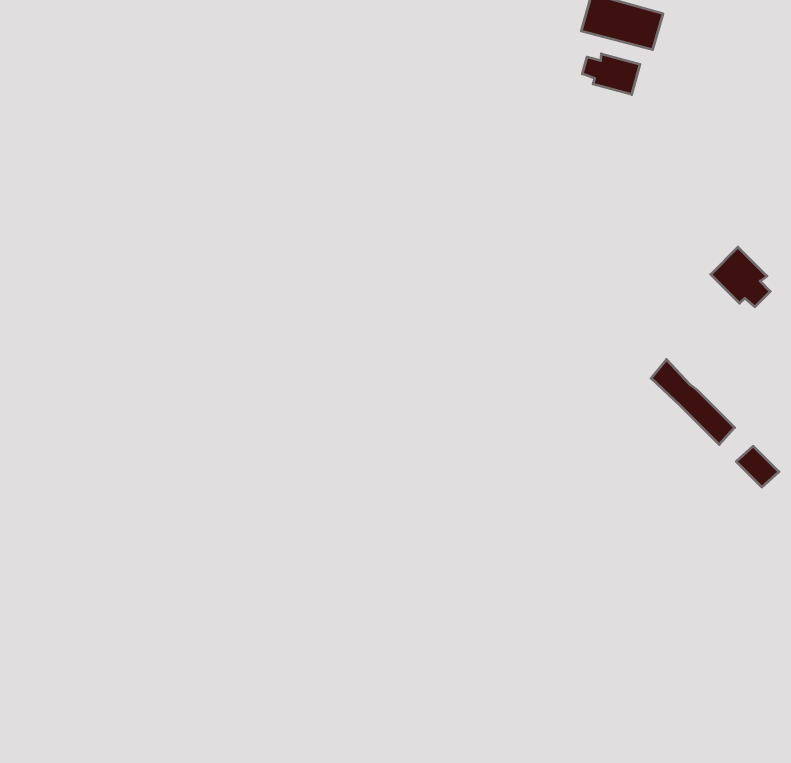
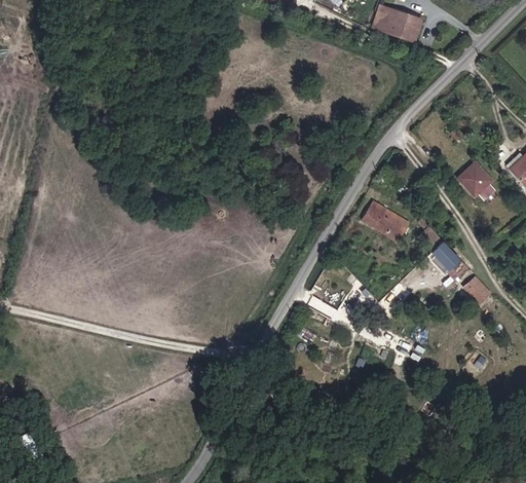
building: [582,54,640,95] -> none
building: none -> [363,201,411,239]

